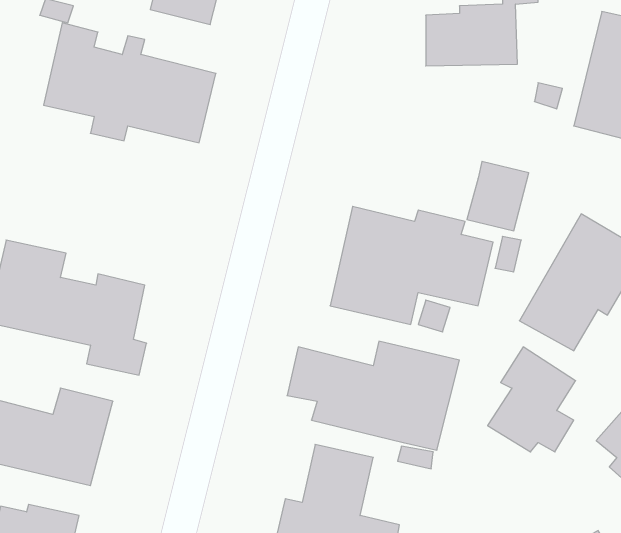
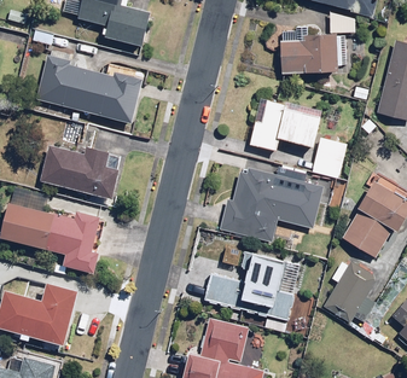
building: none -> [248,98,321,151]
building: none -> [39,145,121,199]

